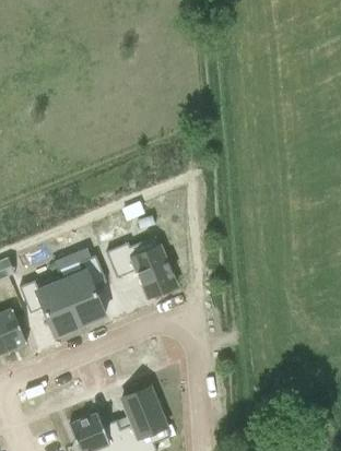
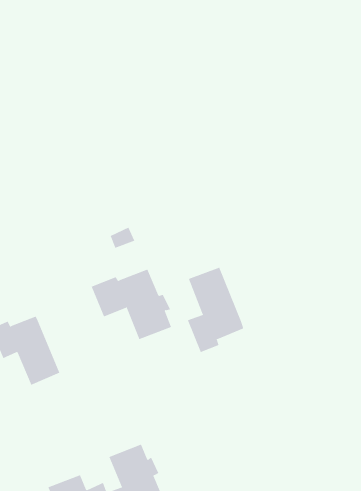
building: none -> [187,267,244,353]
building: [60,257,105,327] -> none

